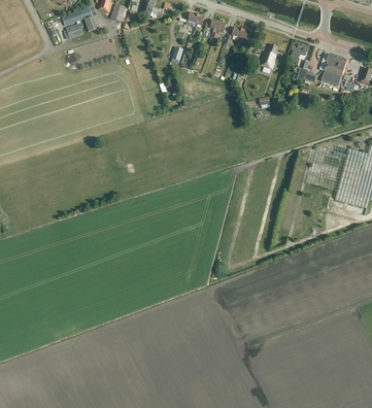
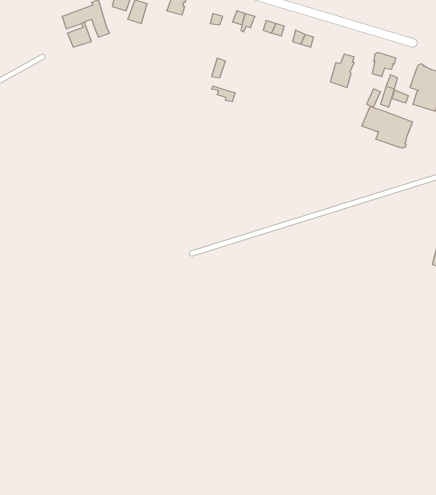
building: none -> [362,106,412,148]

